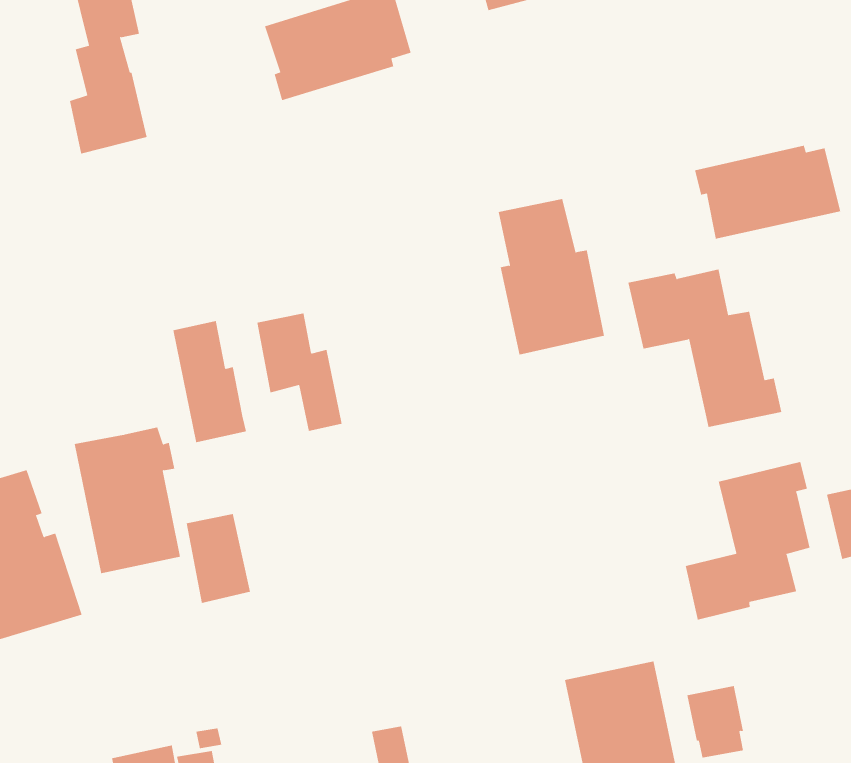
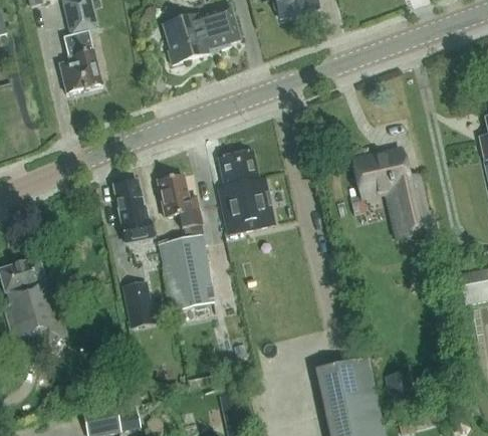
building: [695,145,841,239] -> none
building: [498,198,605,355] -> [218,151,274,233]
building: [74,427,181,574] -> [160,233,216,310]
building: [685,461,810,621] -> none

